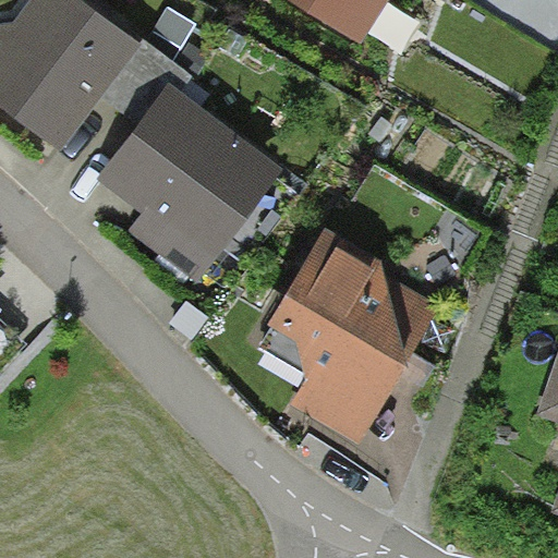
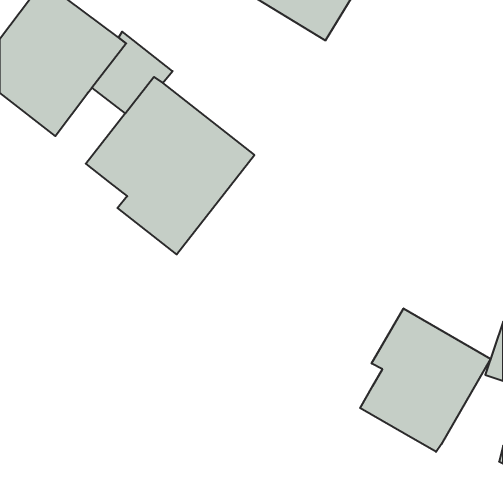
building: [268,227,440,442] -> none
building: none -> [360,308,491,452]

